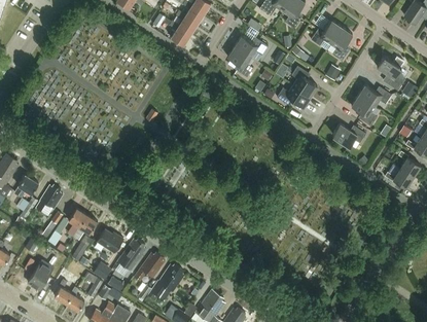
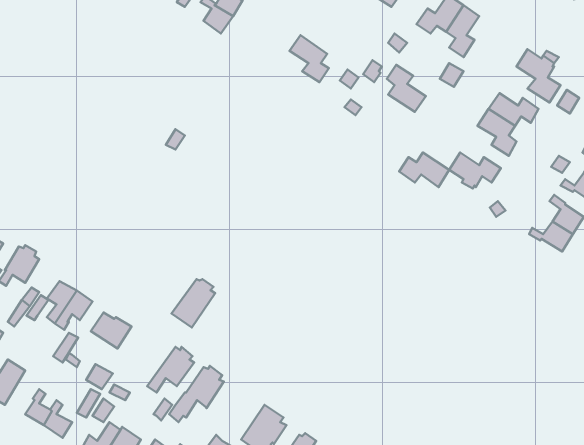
building: [235,35,268,59] -> none
building: [277,85,310,108] -> [399,153,449,187]
building: [117,239,146,271] -> [171,279,215,328]

